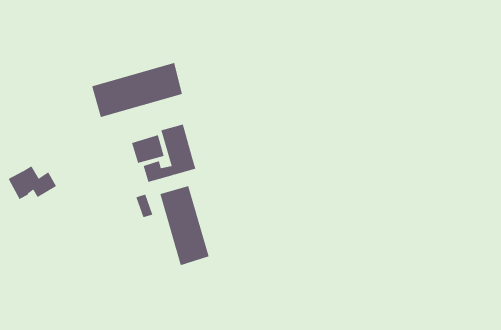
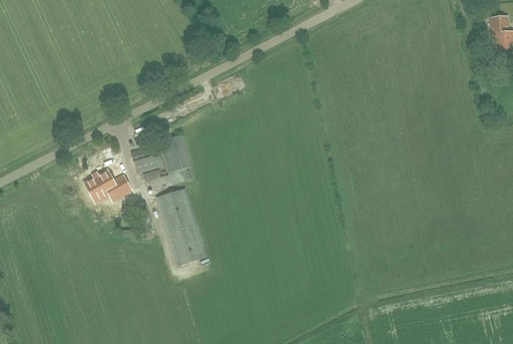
building: [91,62,183,118] -> none
building: [8,165,57,200] -> [83,168,130,202]

